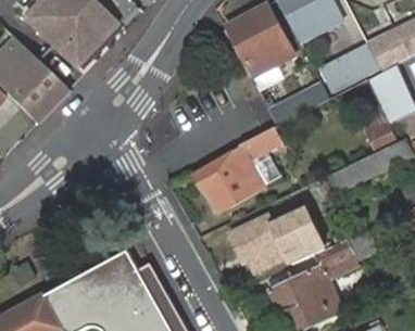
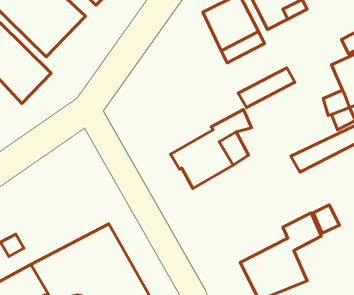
building: [320,43,381,92] -> none
building: [231,207,314,271] -> none

